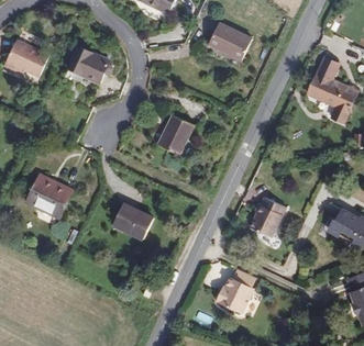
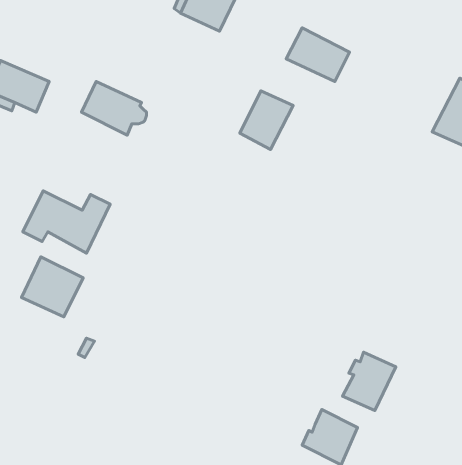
building: [158,114,195,154] -> [240,91,293,149]
building: none -> [23,191,110,253]
building: [250,197,286,236] -> [342,352,396,411]
building: [112,201,153,237] -> none

